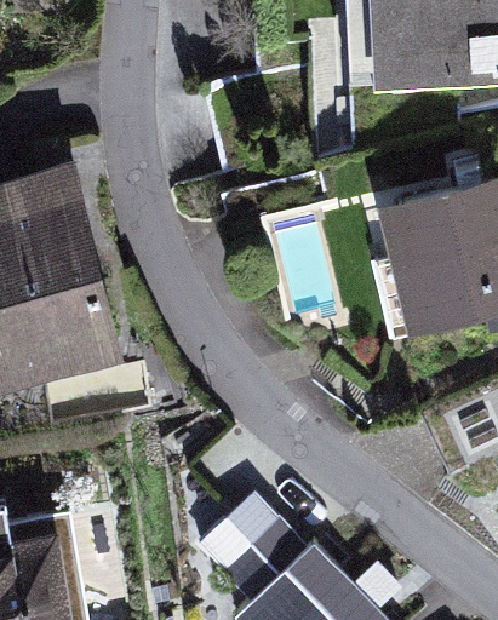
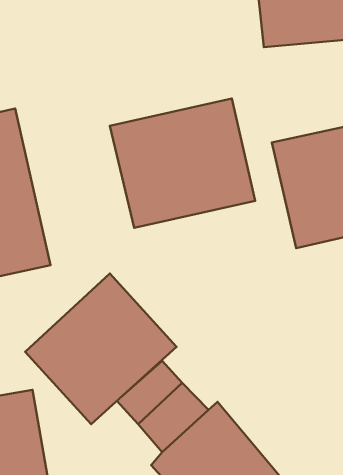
building: none -> [110,98,255,228]
building: none -> [25,274,176,424]

